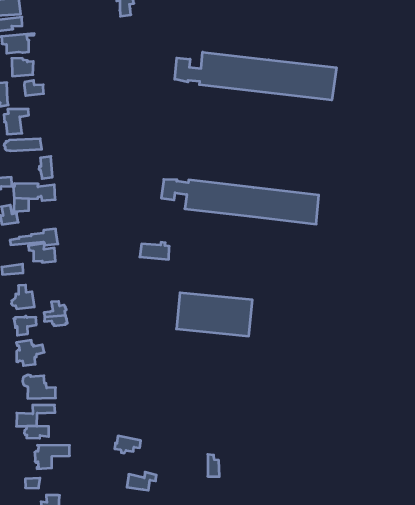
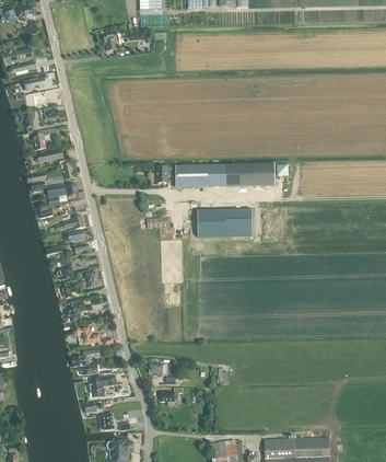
building: [175,52,336,100] -> none
building: [176,293,252,336] -> [189,208,245,238]

